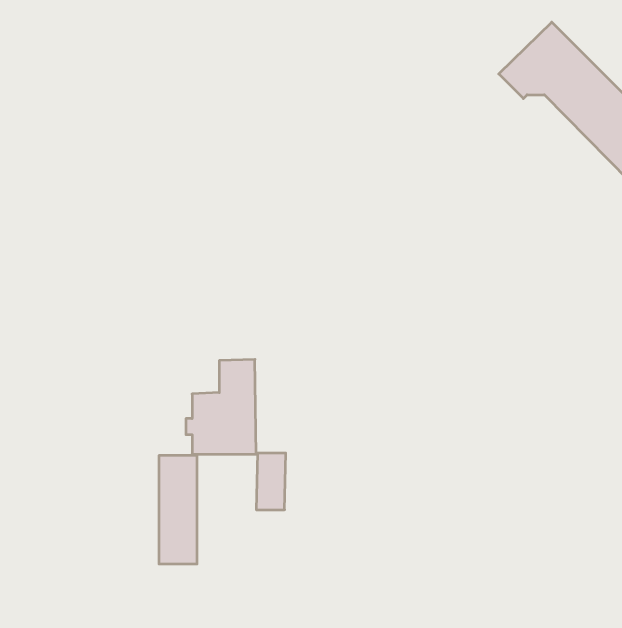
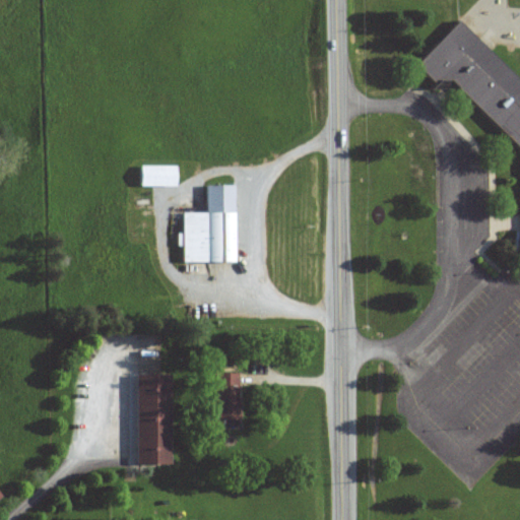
building: none -> [140,167,181,187]
building: [186,359,256,454] -> [180,185,238,263]

